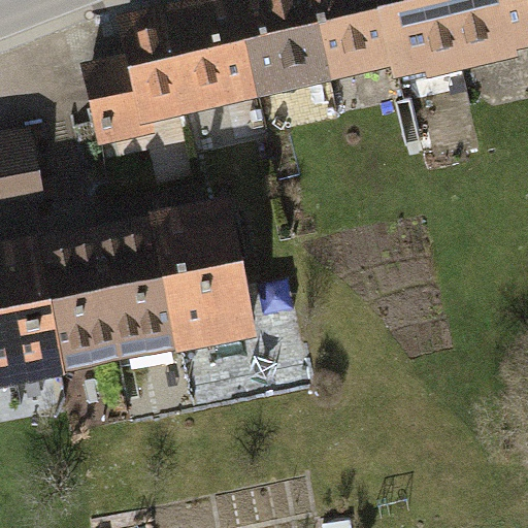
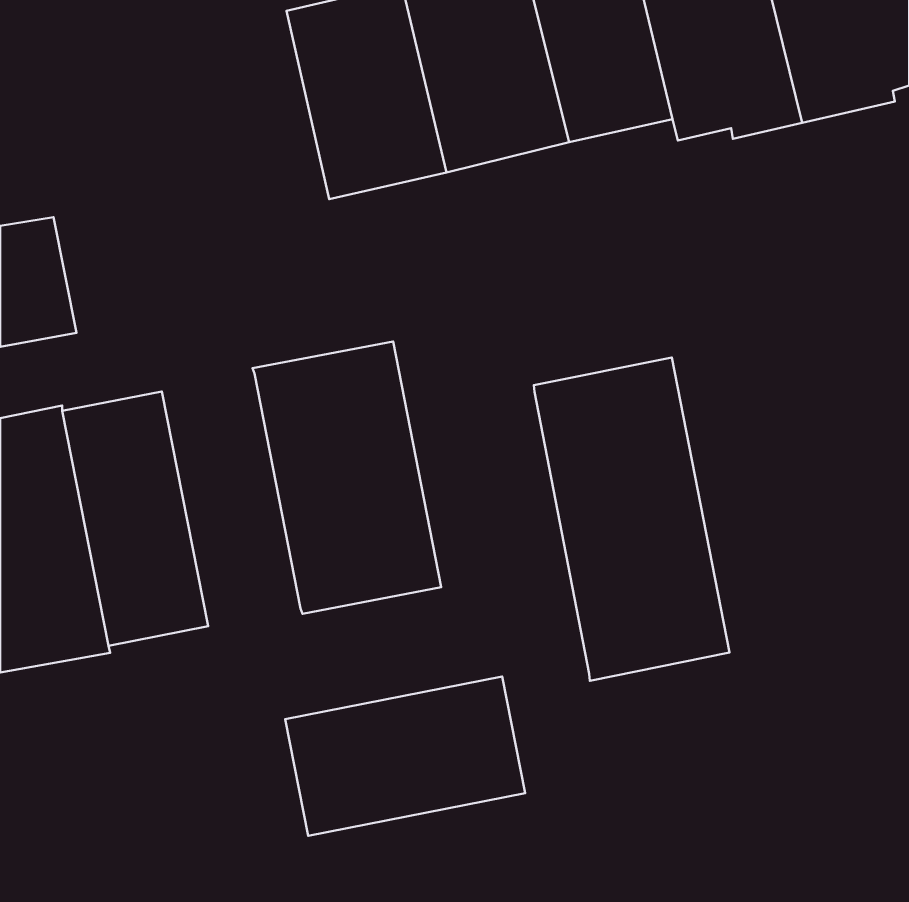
building: [79,6,191,145] -> none
building: none -> [534,358,729,681]
building: [94,217,174,363] -> none
building: none -> [285,677,525,836]

